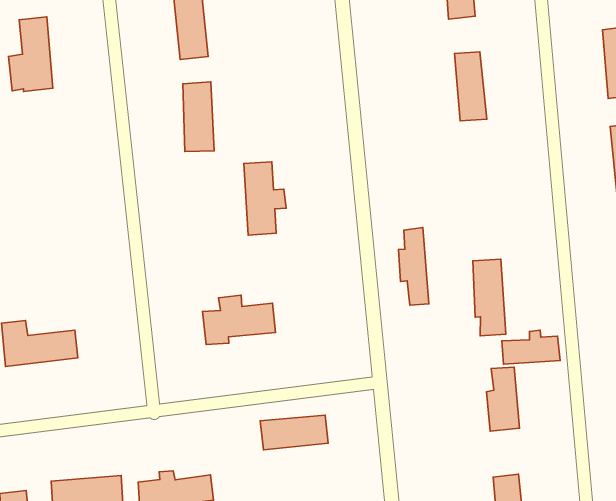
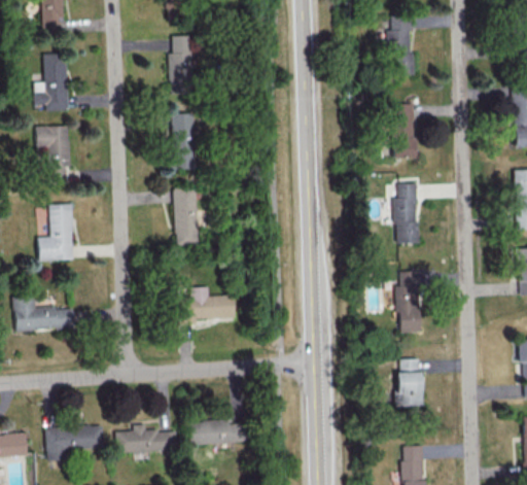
building: none -> [36,125,71,183]
building: [244,162,286,235] -> [175,187,207,245]
building: none -> [38,204,73,261]
building: [399,228,429,305] -> [400,181,422,243]
building: [502,330,560,364] -> none
building: [260,415,328,450] -> [189,420,243,445]

